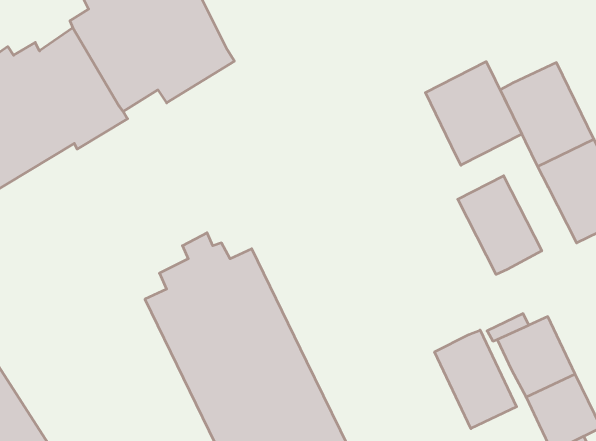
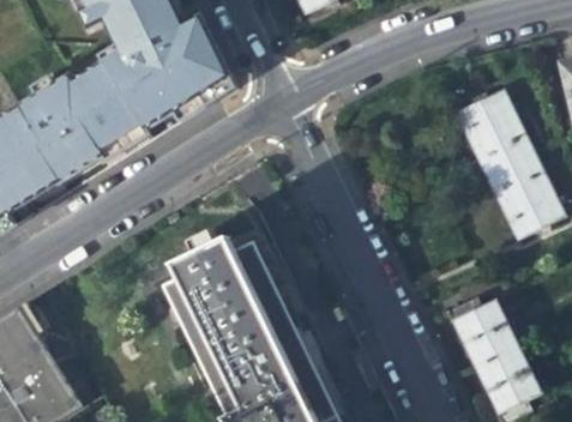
building: [425,62,522,165] -> none
building: [458,176,542,274] -> none
building: [435,330,517,429] -> none

